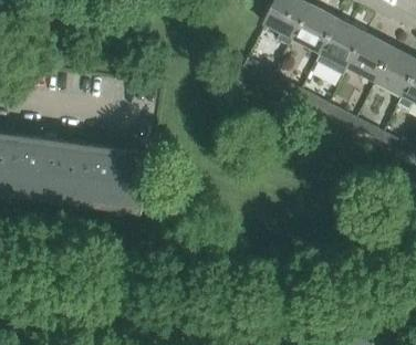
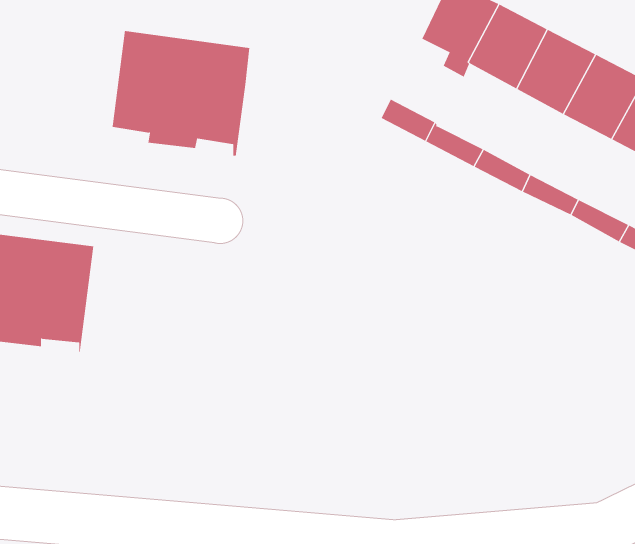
building: [70,144,149,216] -> [111,30,250,156]

